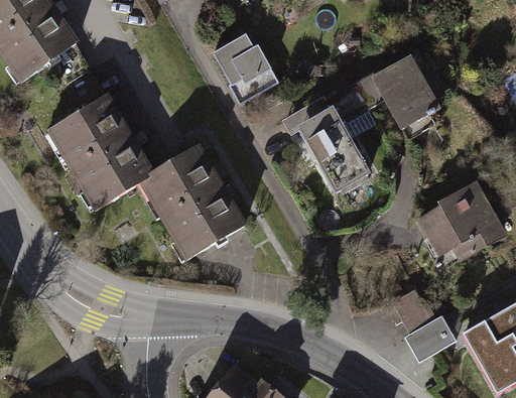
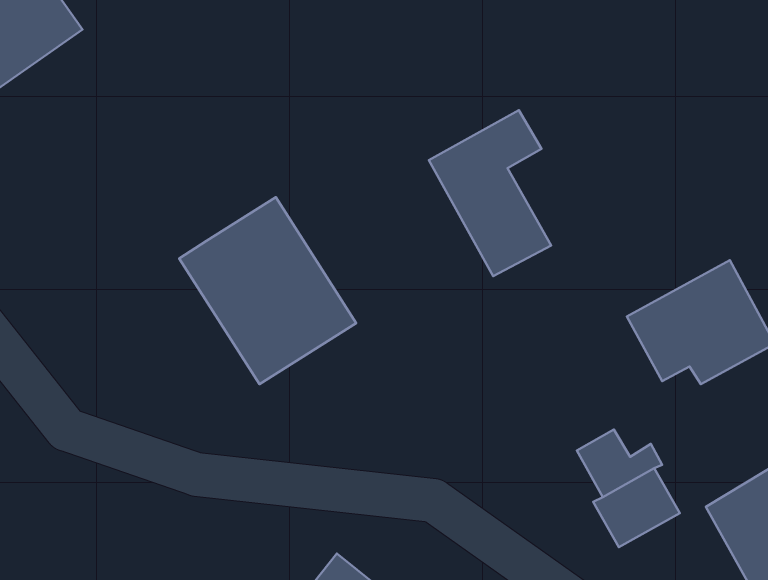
building: [216,40,276,109] -> none
building: [350,49,450,131] -> none
building: [42,93,154,210] -> none

